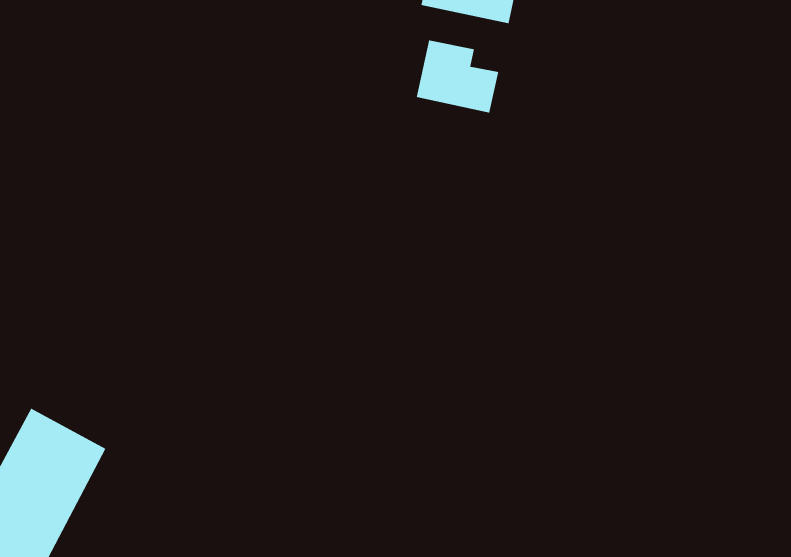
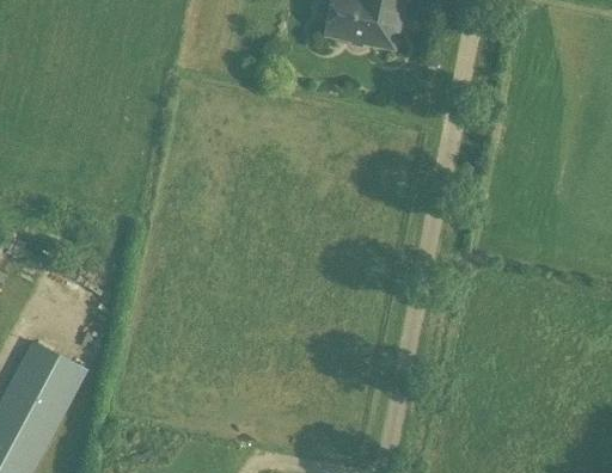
building: [416,40,499,113] -> none

